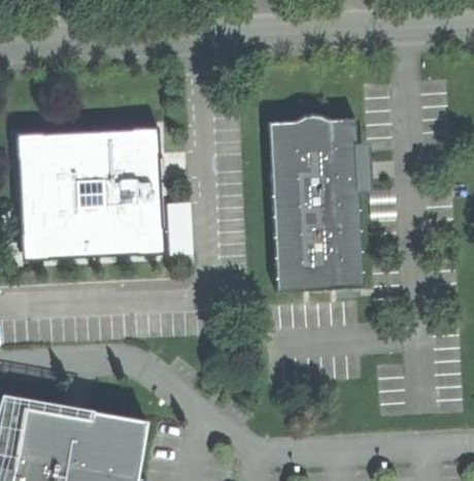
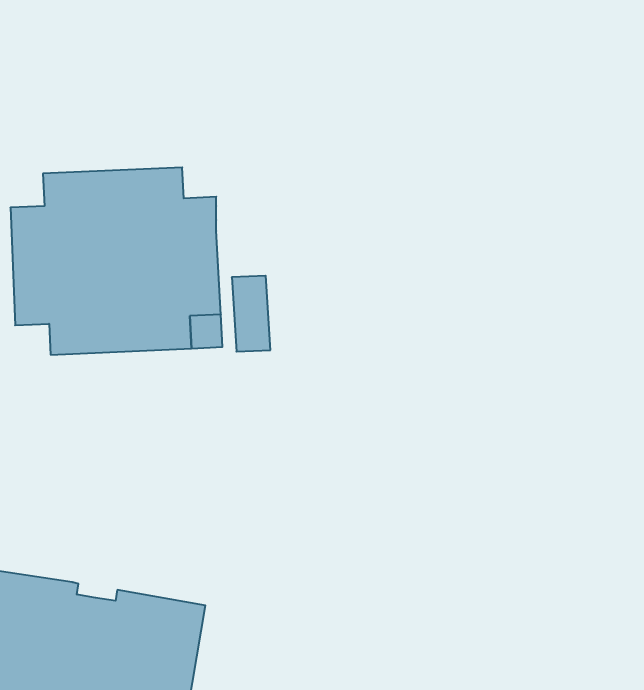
building: [270,115,368,294] -> none

